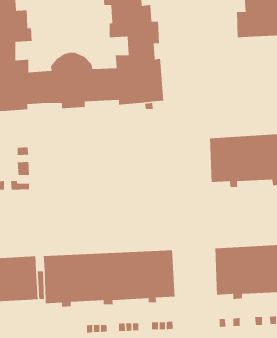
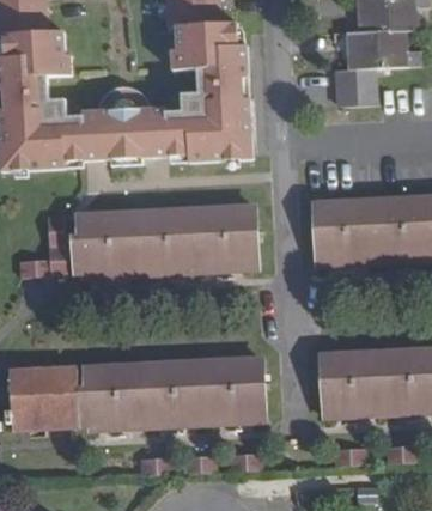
building: none -> [337,63,377,101]
building: none -> [77,206,261,282]

